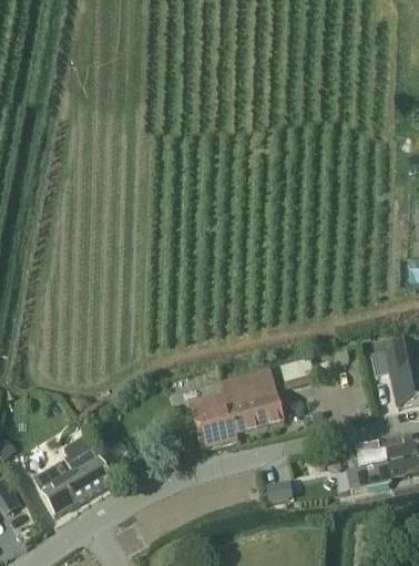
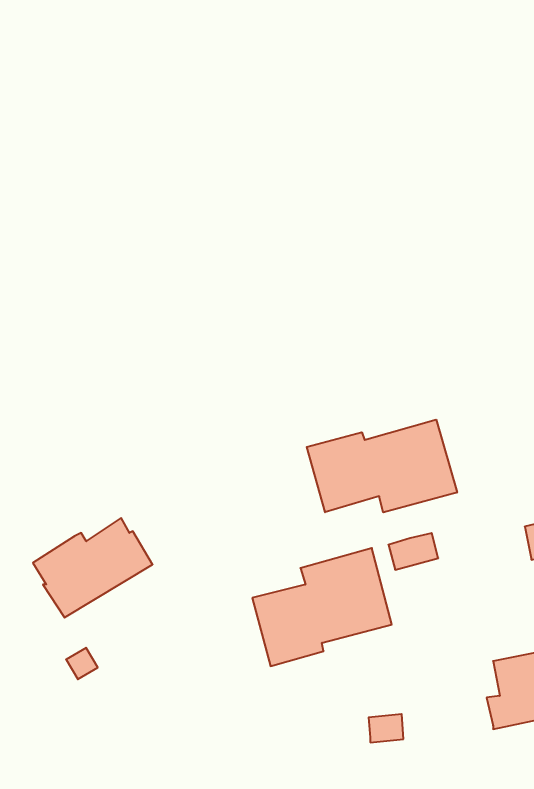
building: none -> [307,420,457,512]
building: [32,449,112,515] -> [33,518,153,618]

